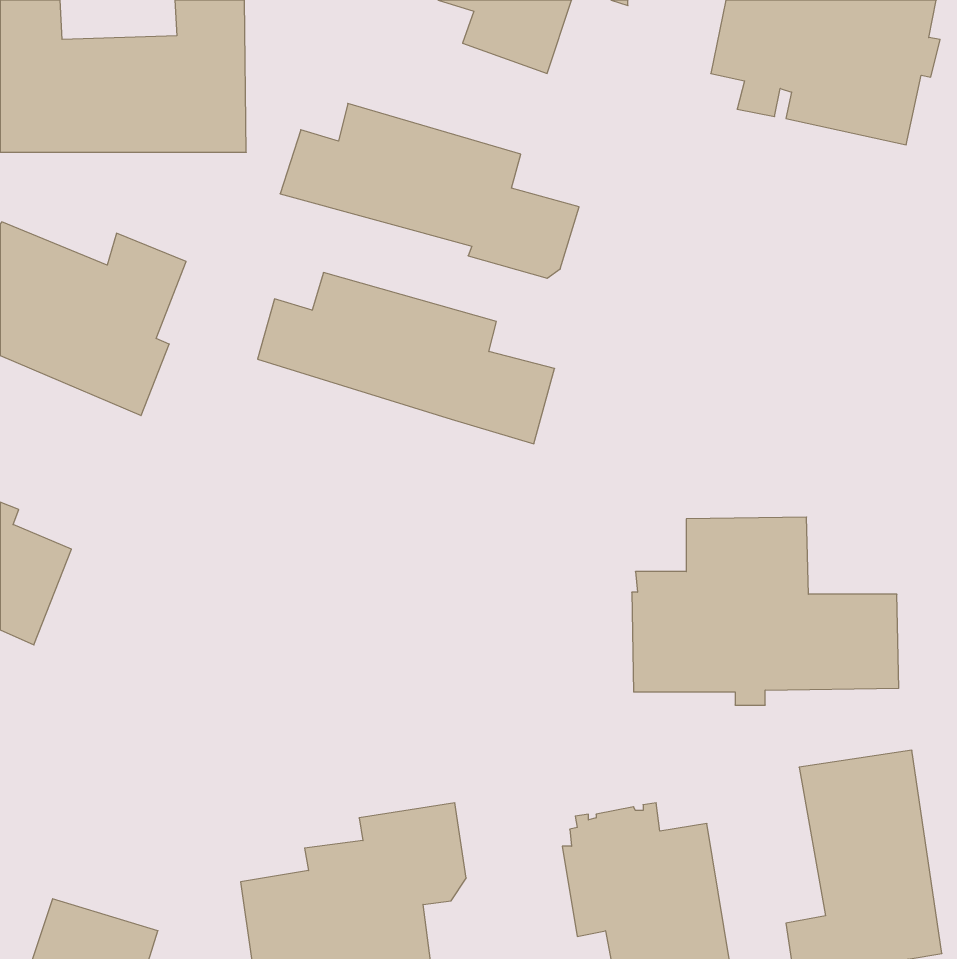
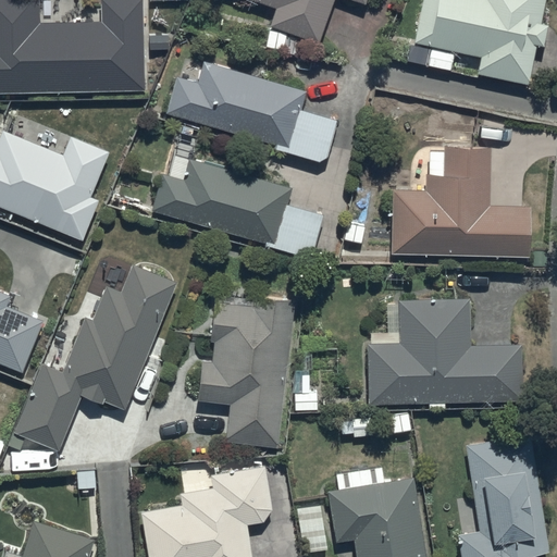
building: none -> [391,148,529,258]
building: none -> [14,264,176,450]
building: none -> [196,296,293,448]

